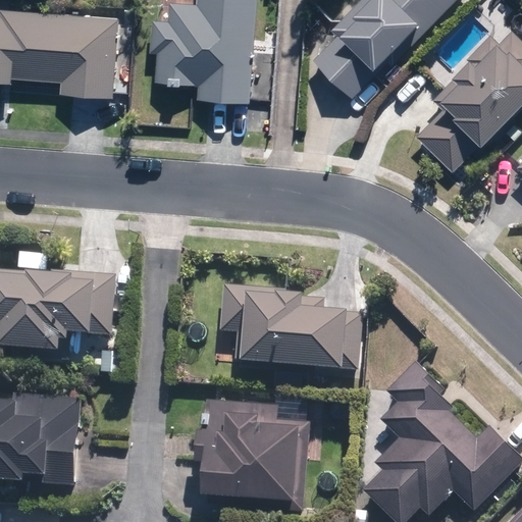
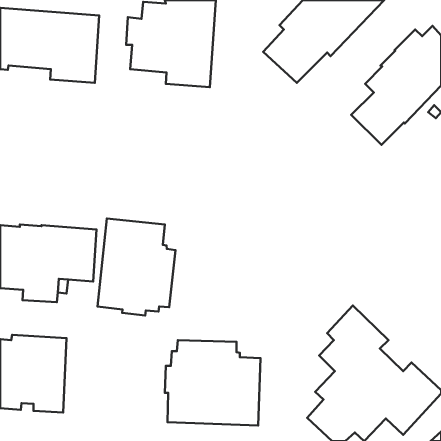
building: none -> [97,218,176,316]
building: [218,281,362,368] -> none

